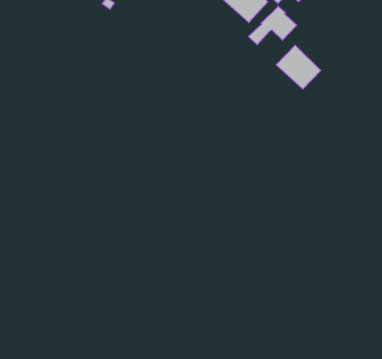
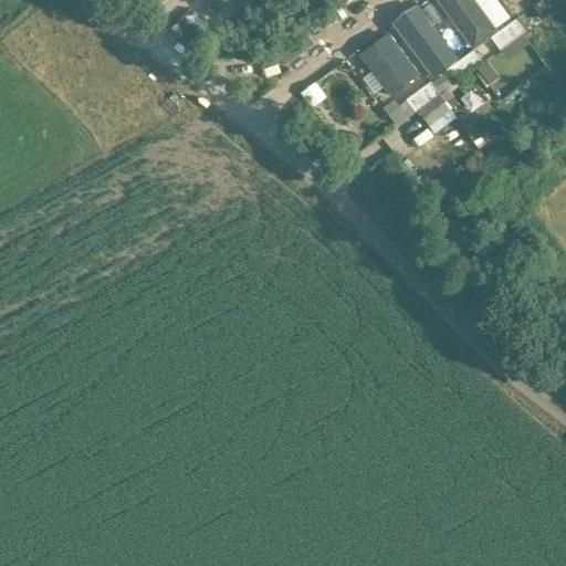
building: [276,45,321,89] -> none

